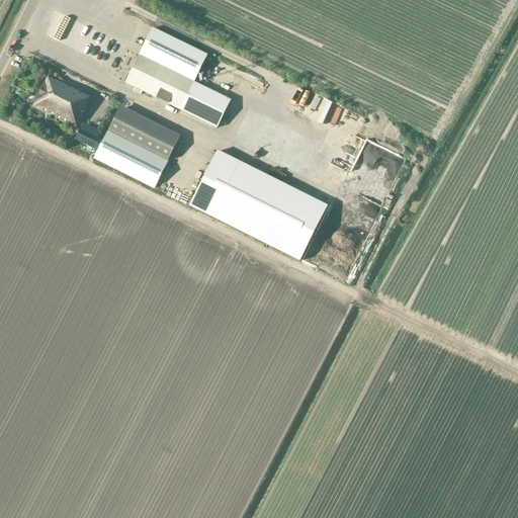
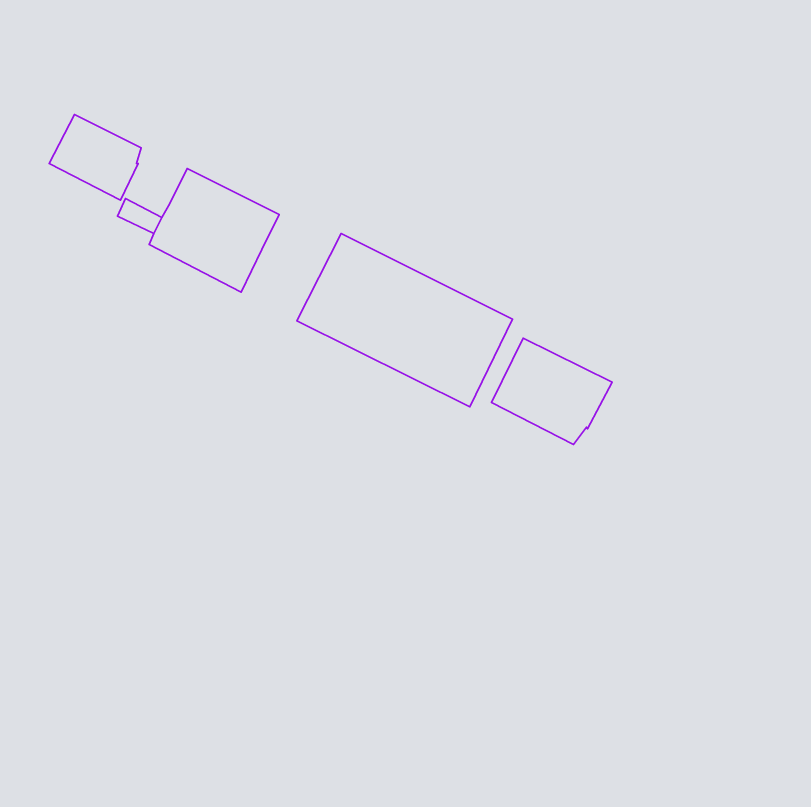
building: [125,25,231,125] -> none
building: none -> [491,338,612,444]

